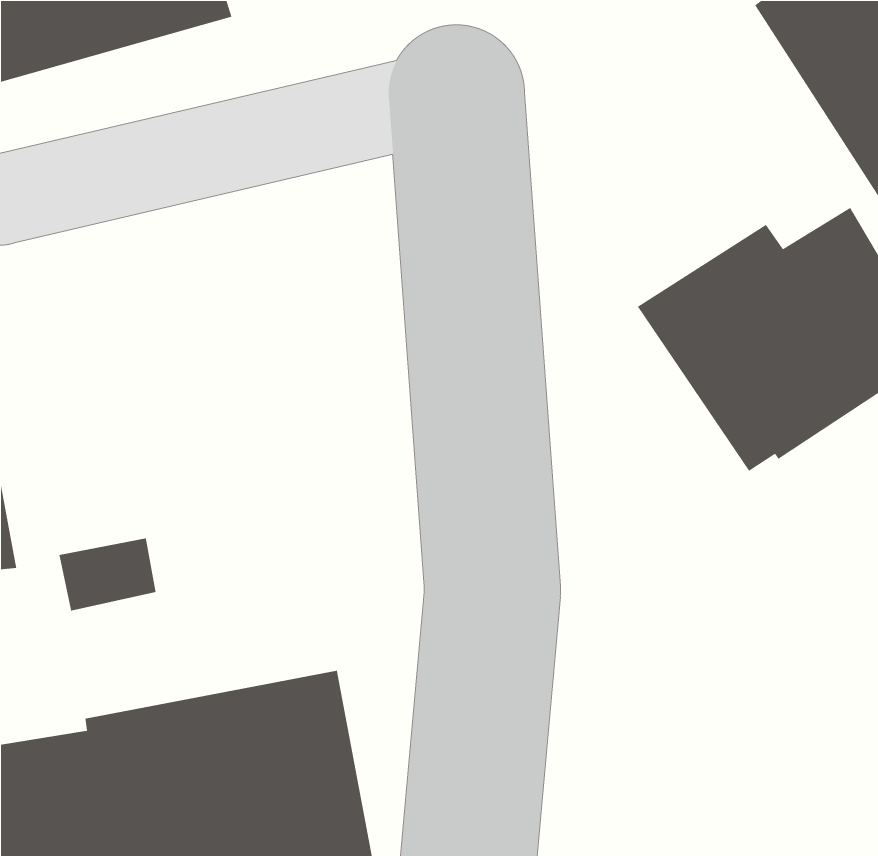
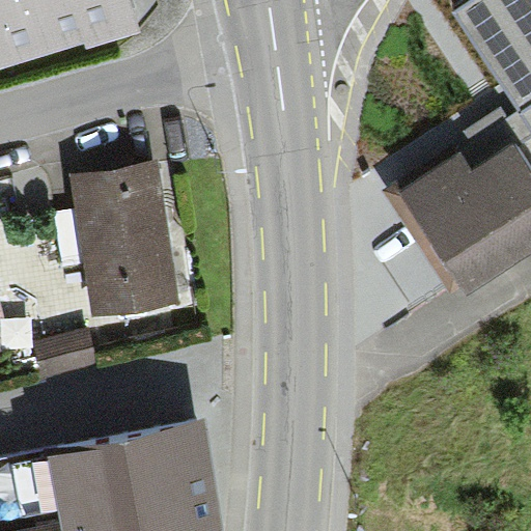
building: none -> [72,165,179,313]

